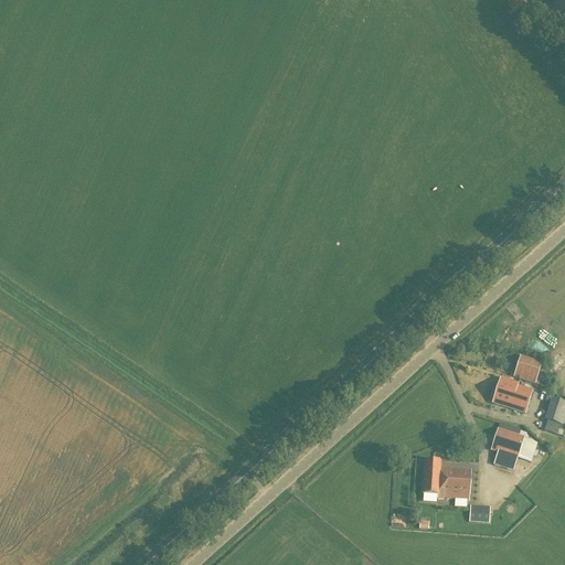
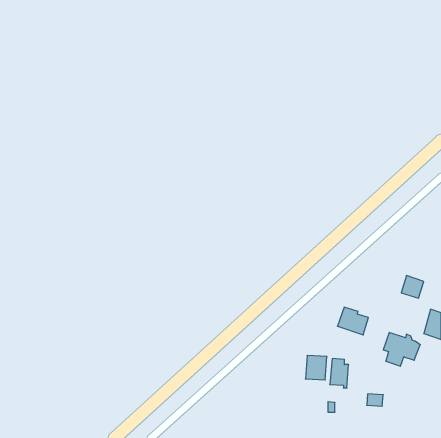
building: [492,375,532,411] -> [337,307,368,335]
building: [444,466,471,497] -> [305,356,327,380]

